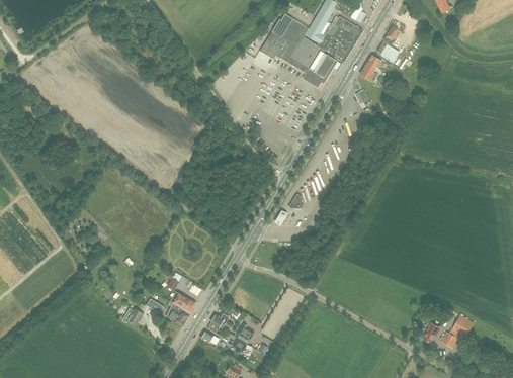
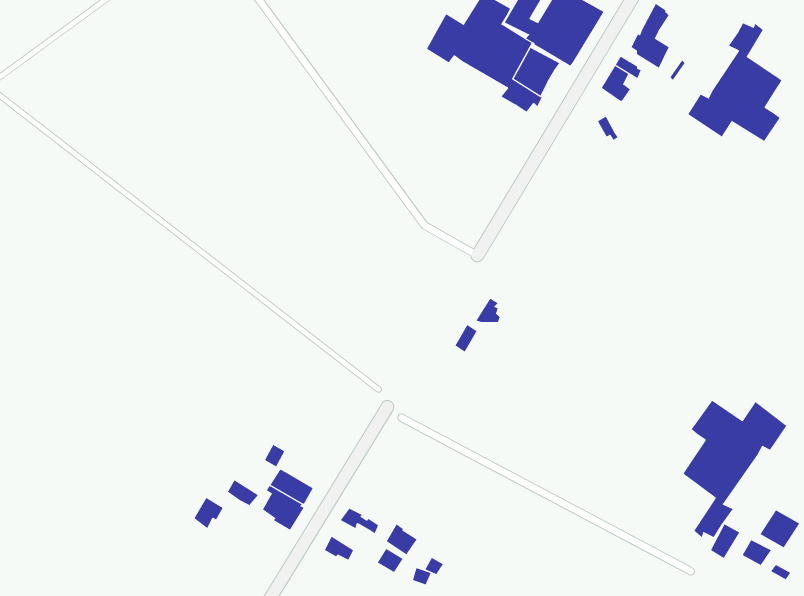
building: none -> [688,22,783,142]
building: none -> [682,400,787,538]

